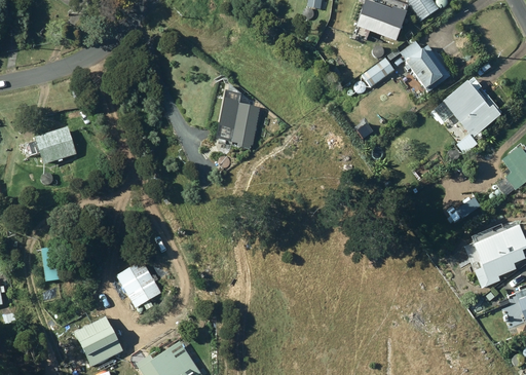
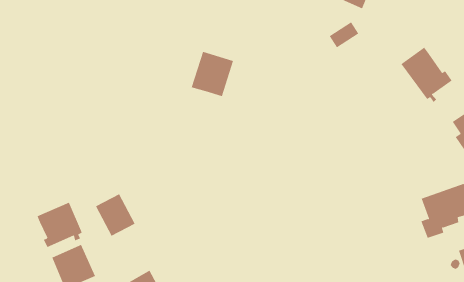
building: [400,40,454,91] -> none
building: [16,125,78,163] -> none
building: none -> [37,202,82,248]

